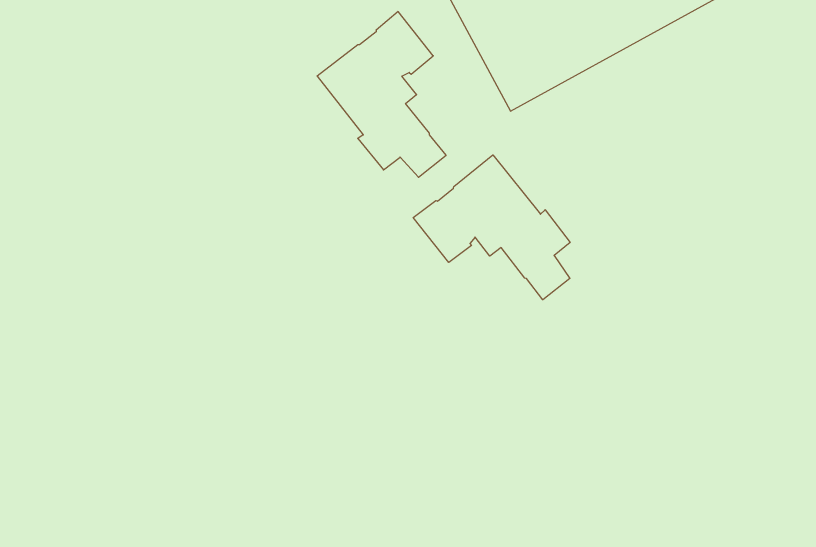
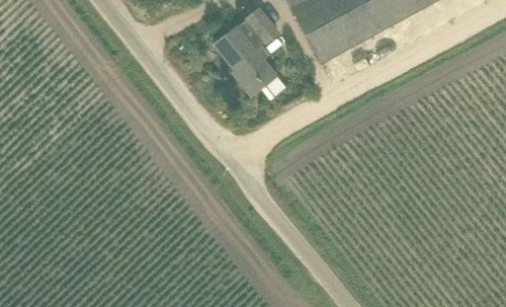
building: [413,155,570,300] -> none

